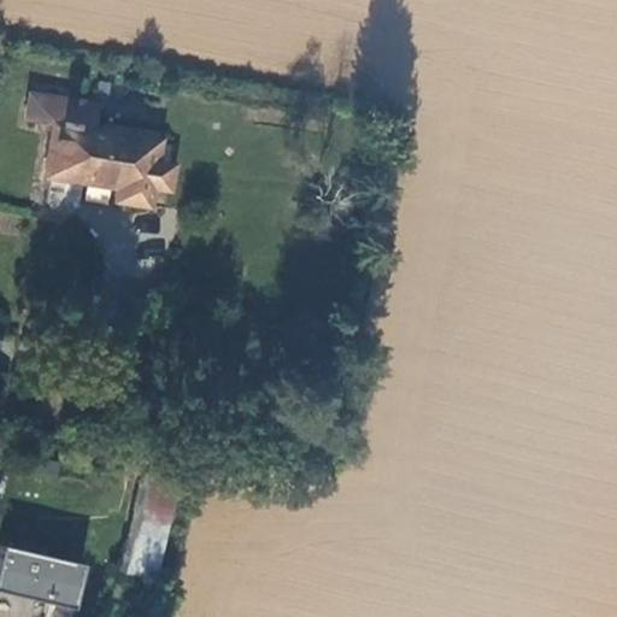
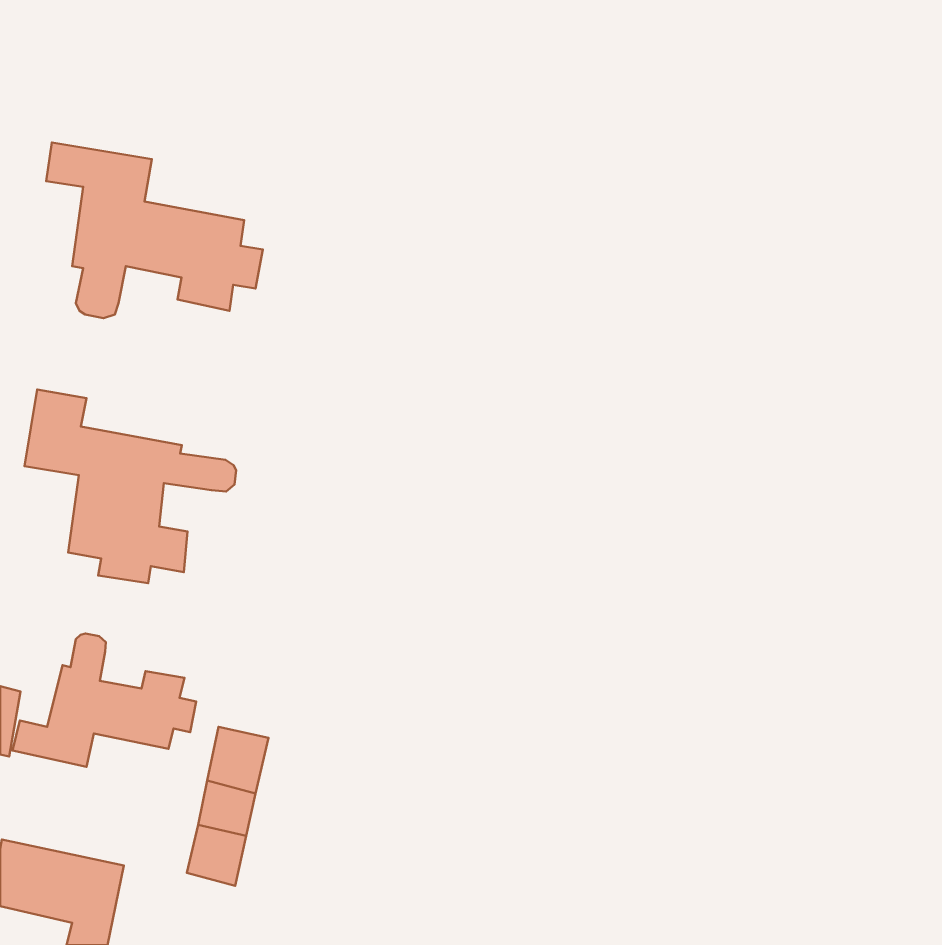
building: none -> [24,389,236,583]
building: none -> [12,634,196,767]

